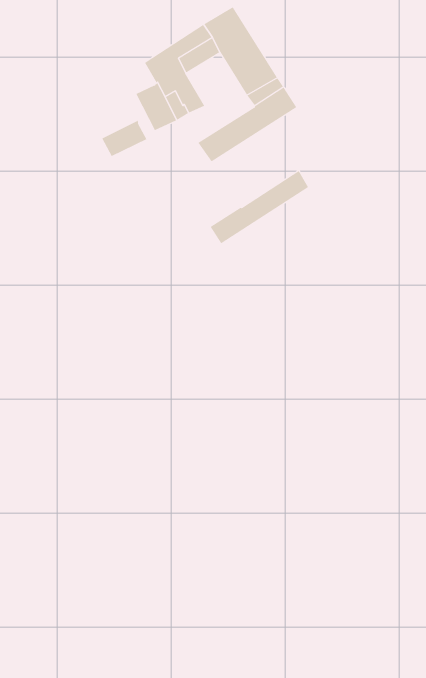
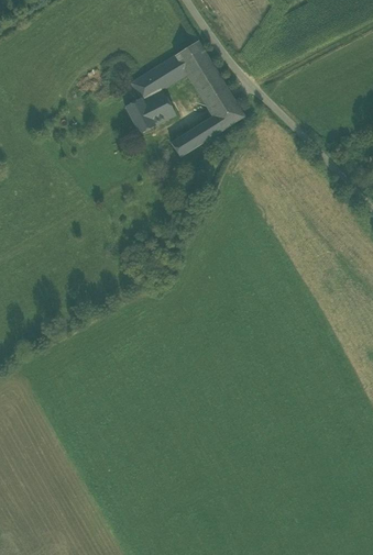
building: [102,120,147,157] -> none
building: [210,170,309,244] -> none

